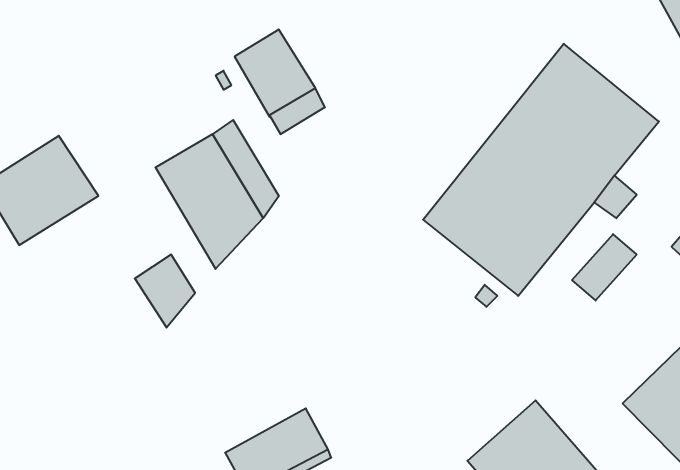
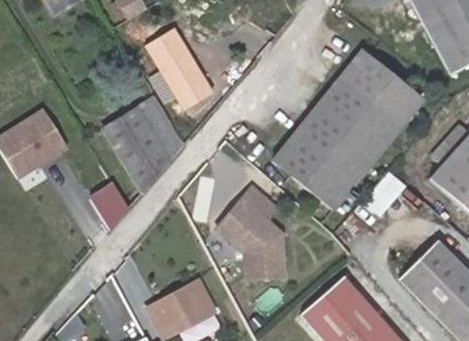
building: none -> [217,188,285,278]

